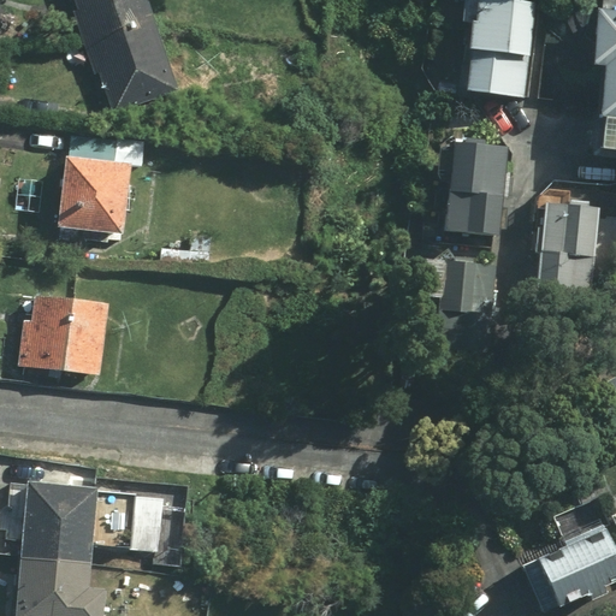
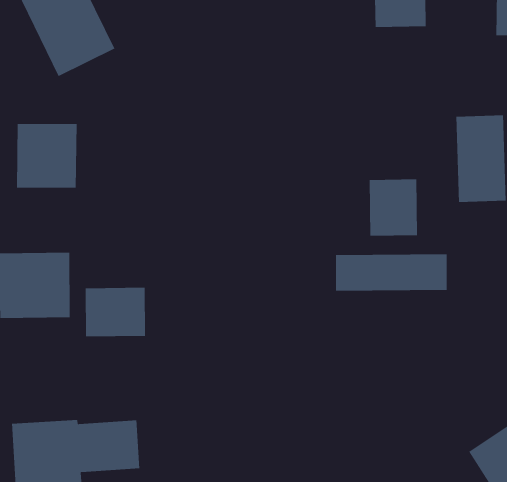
building: [446,141,507,233] -> none
building: none -> [335,254,448,291]
building: none -> [85,287,146,337]

